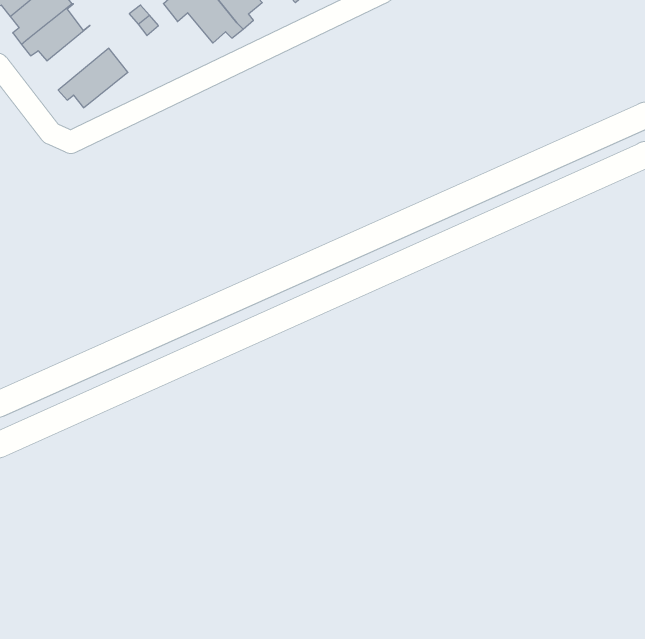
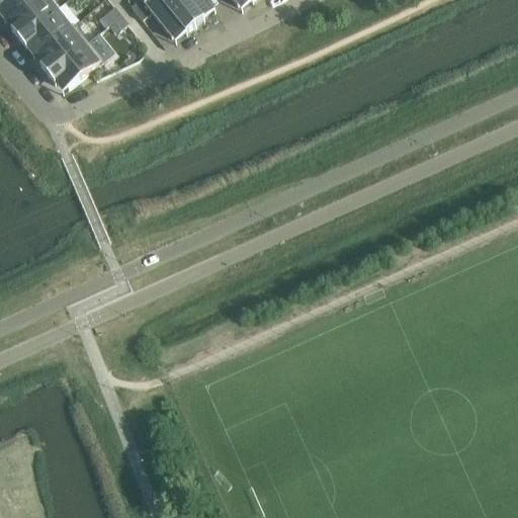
building: none -> [37,20,87,72]

